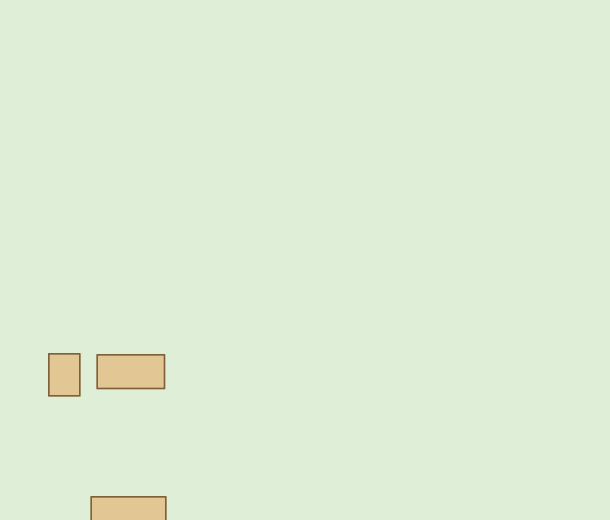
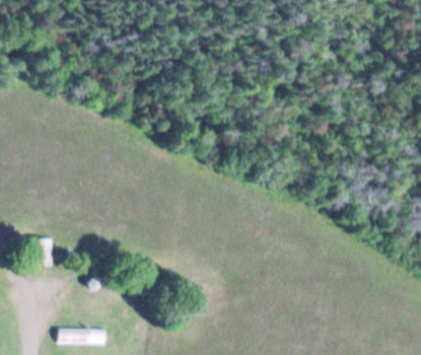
building: [97,355,165,388] -> none

